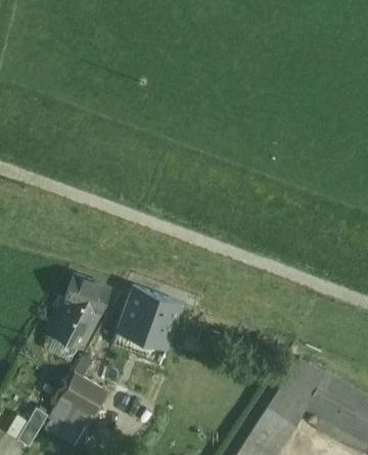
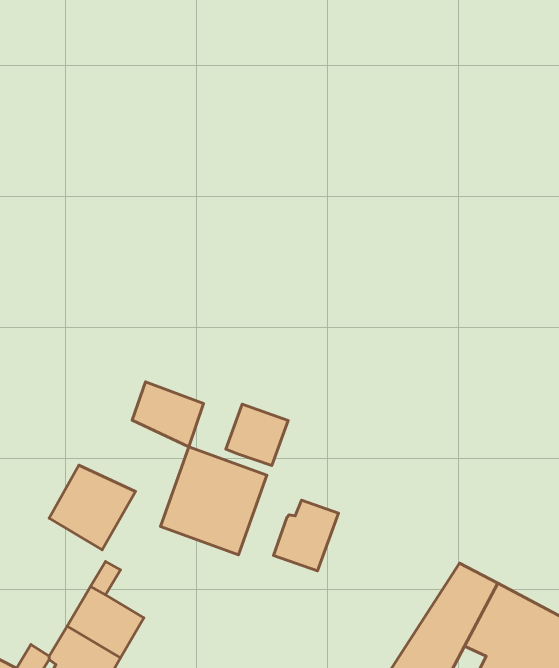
building: none -> [226,404,288,465]
building: [65,275,109,315] -> [132,382,204,447]
building: none -> [274,500,339,571]

